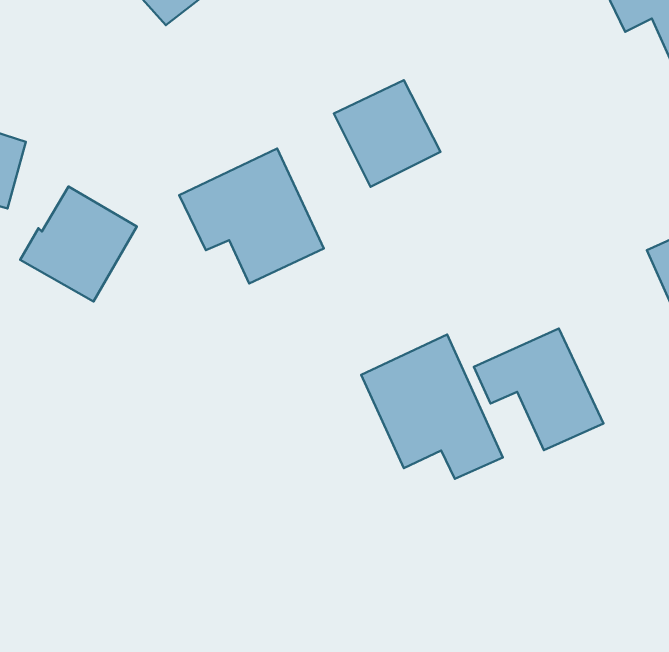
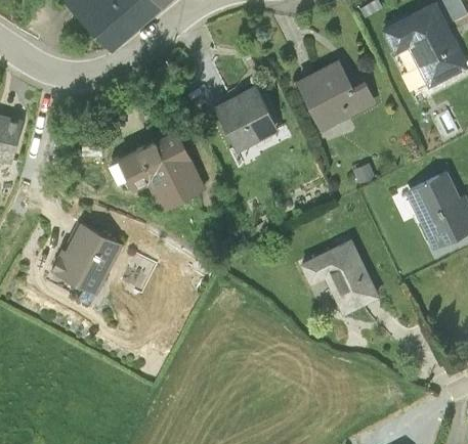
building: none -> [296,61,375,131]
building: [20,187,137,302] -> [51,222,123,293]
building: [361,335,503,479] -> none

